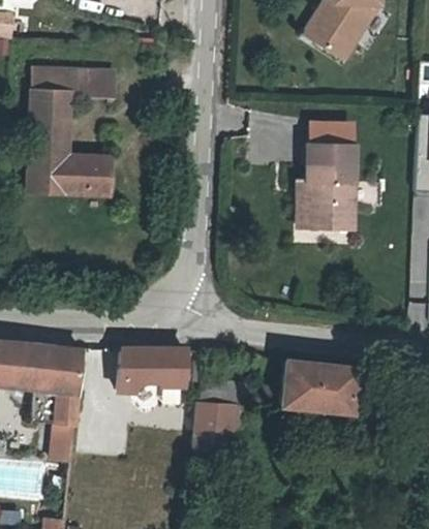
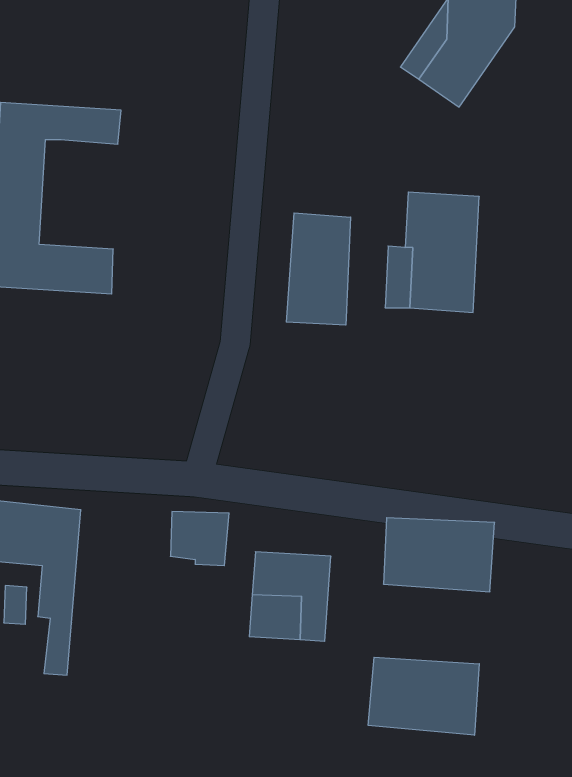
building: [57,101,108,175] -> none
building: none -> [286,213,351,325]
building: [122,350,146,390] -> none
building: none -> [368,657,479,735]

